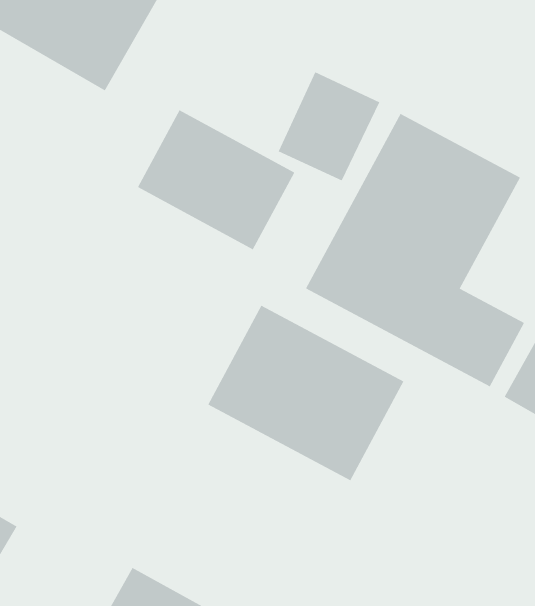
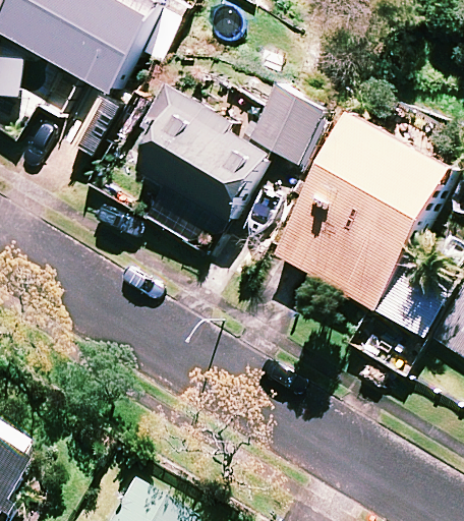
building: [207,305,404,481] -> none

